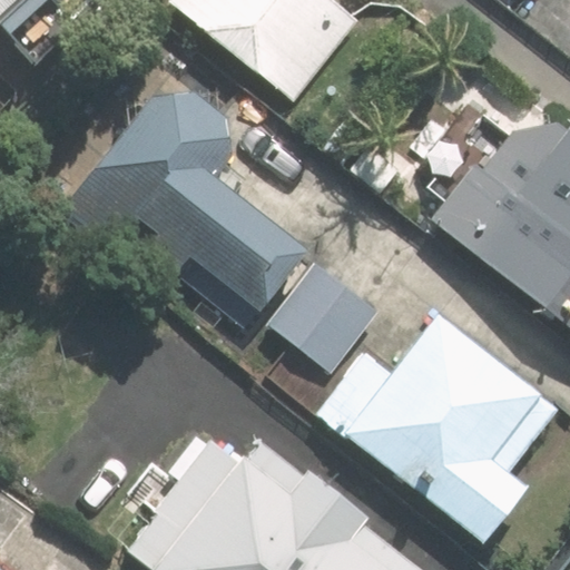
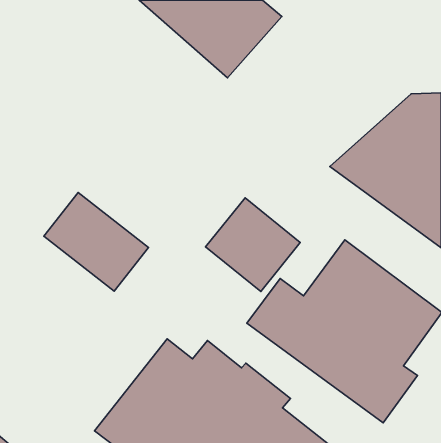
building: [89,76,308,309] -> none
building: none -> [44,192,149,291]

